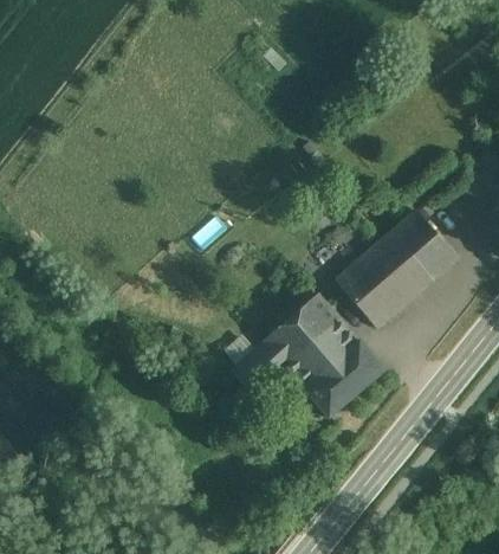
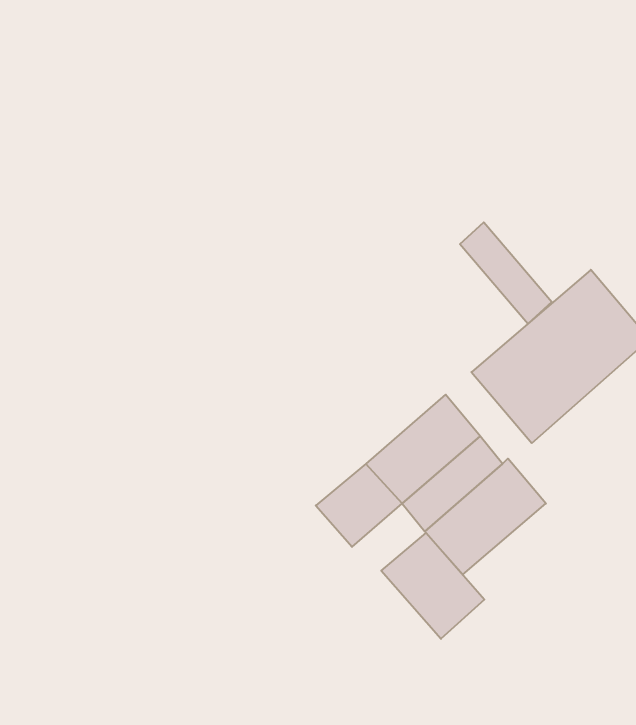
building: none -> [460,222,552,324]
building: none -> [381,533,484,639]

